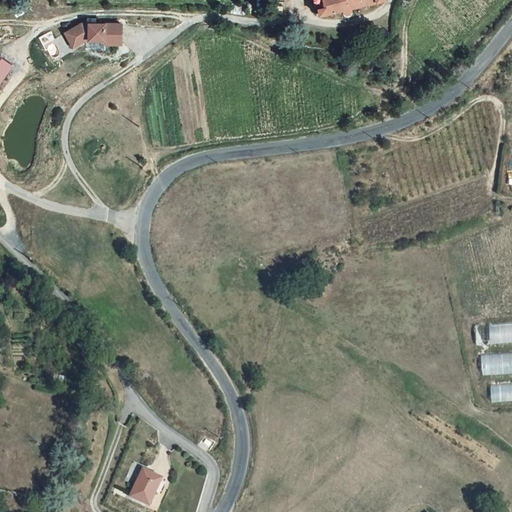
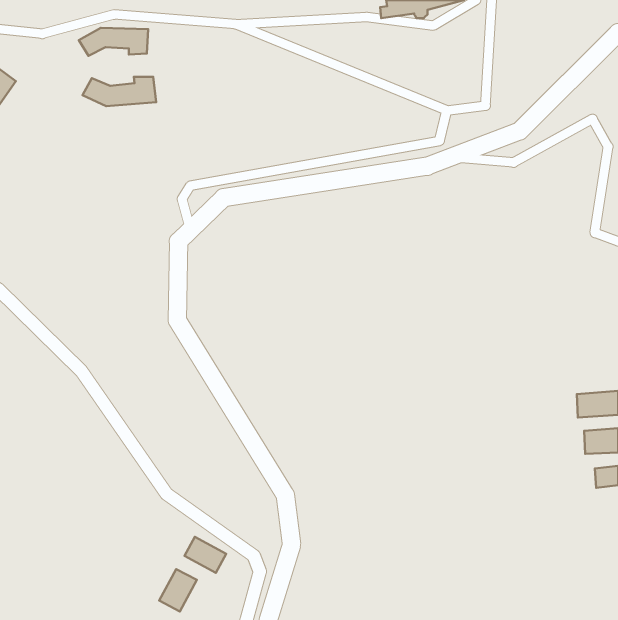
building: none -> [83,77,156,106]
building: none -> [184,537,226,573]

